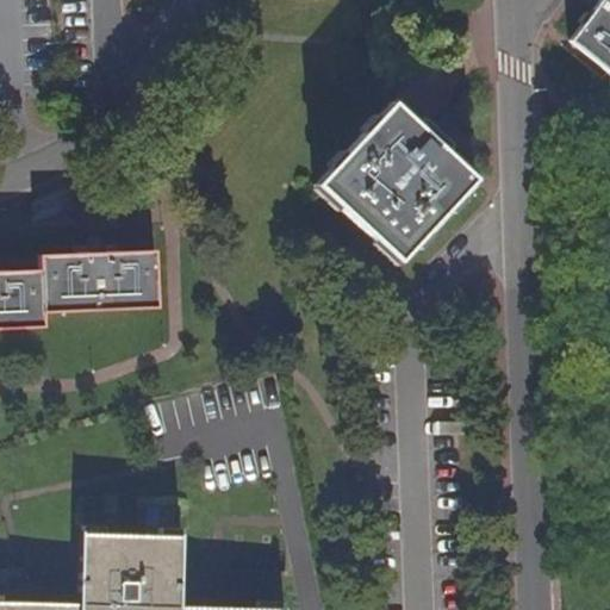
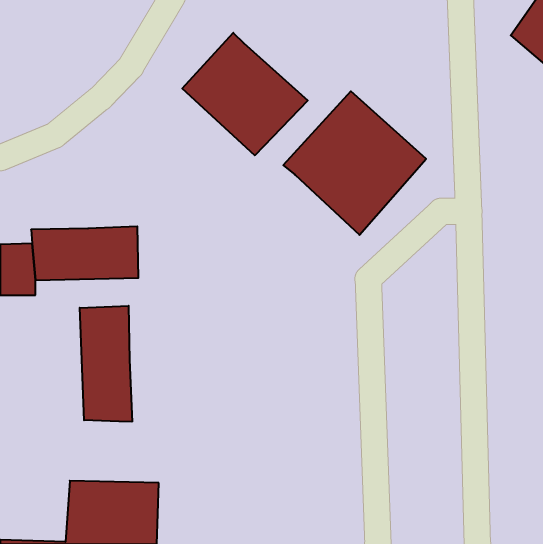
building: none -> [182,33,308,155]
building: none -> [80,306,132,422]

